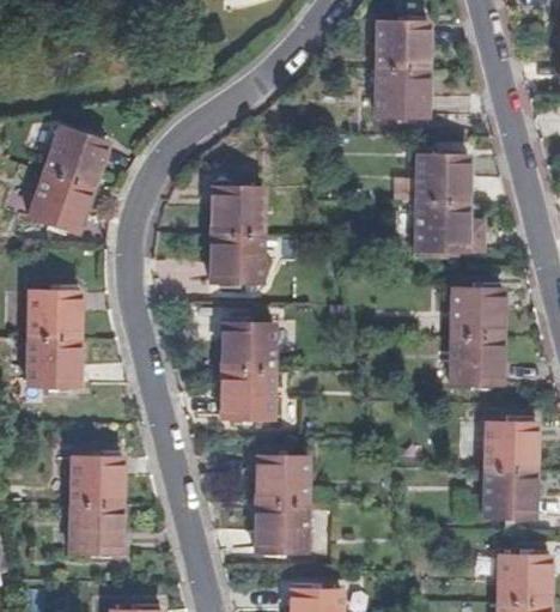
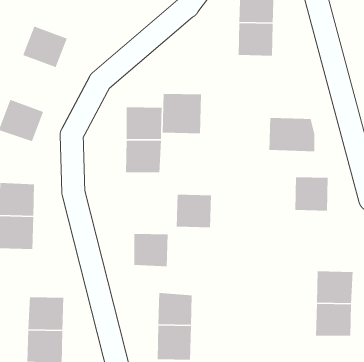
building: [45,132,111,193] -> [22,26,68,68]
building: [418,154,469,202] -> none
building: none -> [162,93,202,134]
building: [223,320,274,369] -> [176,194,212,228]
building: [452,335,501,383] -> none

